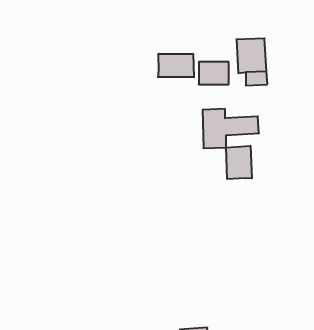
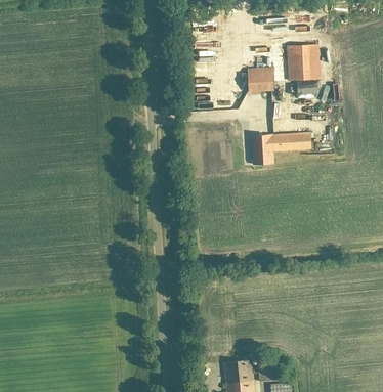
building: [158,54,194,77] -> none
building: [226,146,252,179] -> none

